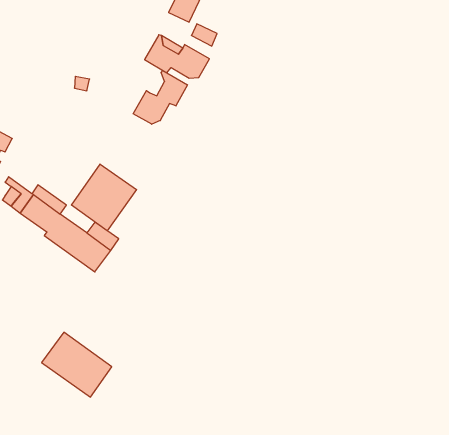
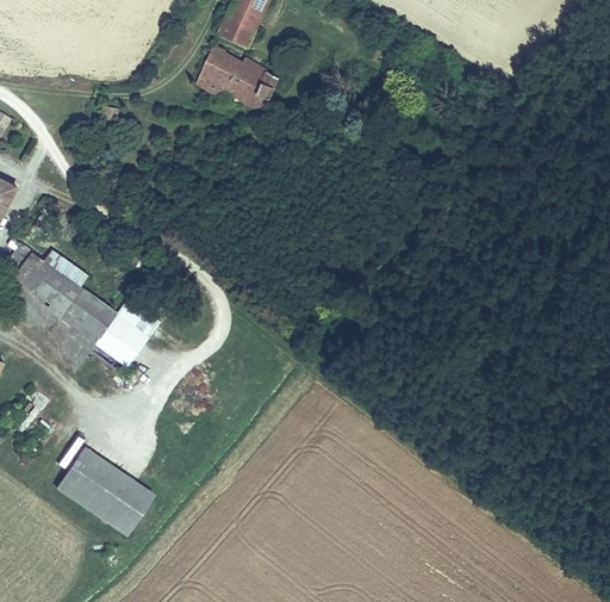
building: [191,24,217,46] -> [219,18,254,48]
building: [133,71,187,124] -> none
building: [71,164,137,231] -> none

